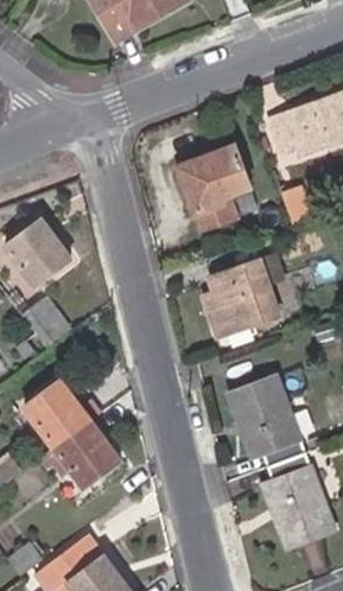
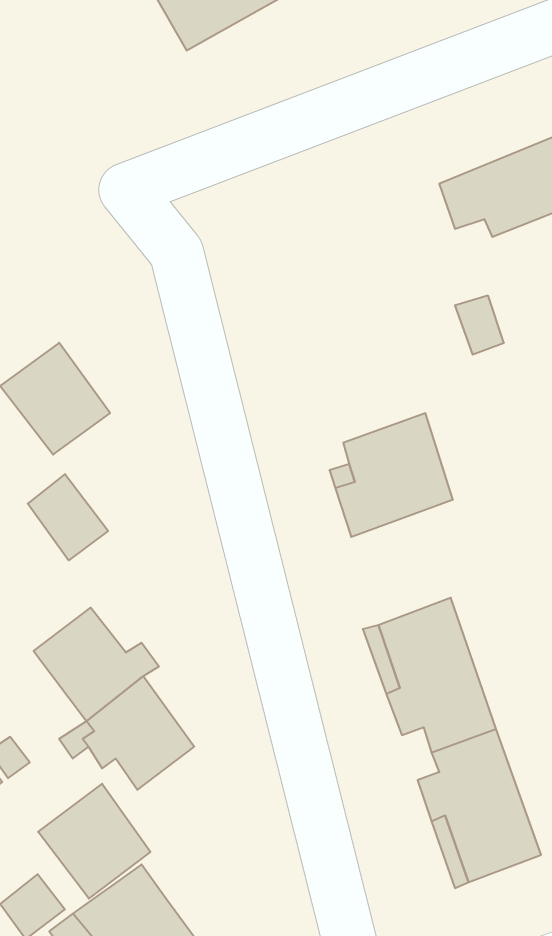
building: [178,145,248,231] -> none
building: none -> [38,784,150,899]

